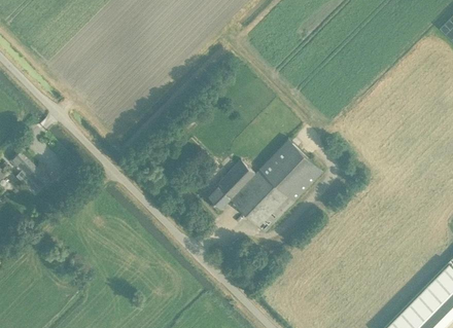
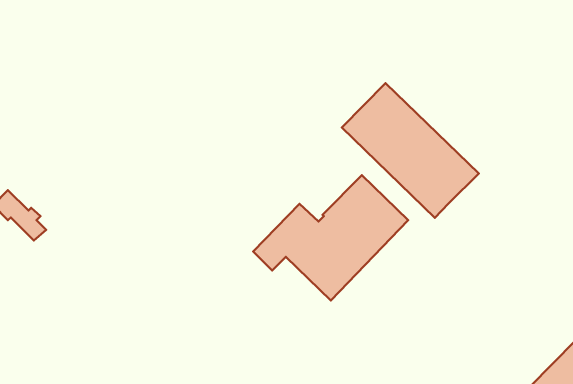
building: none -> [342,83,479,218]

